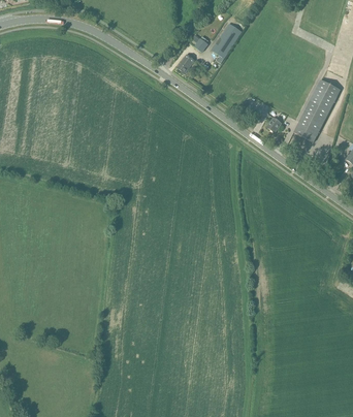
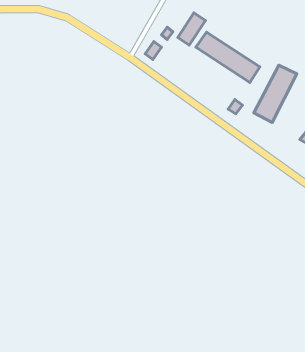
building: none -> [196,32,260,82]

